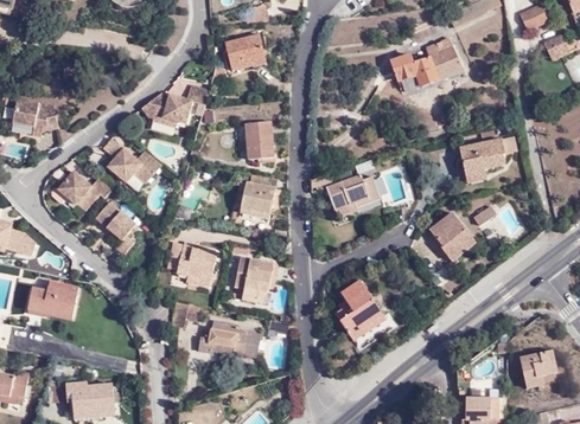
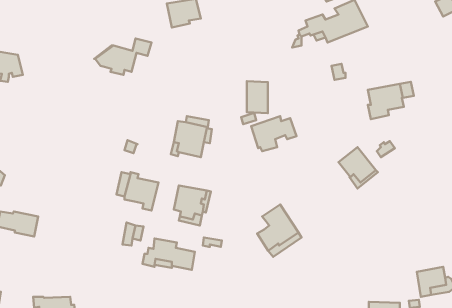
building: [247,120,272,158] -> [247,81,268,113]
building: [102,139,160,184] -> none
building: [57,172,111,211] -> none
building: [95,203,135,255] -> none

